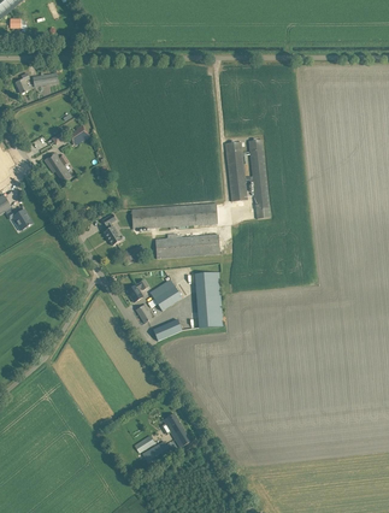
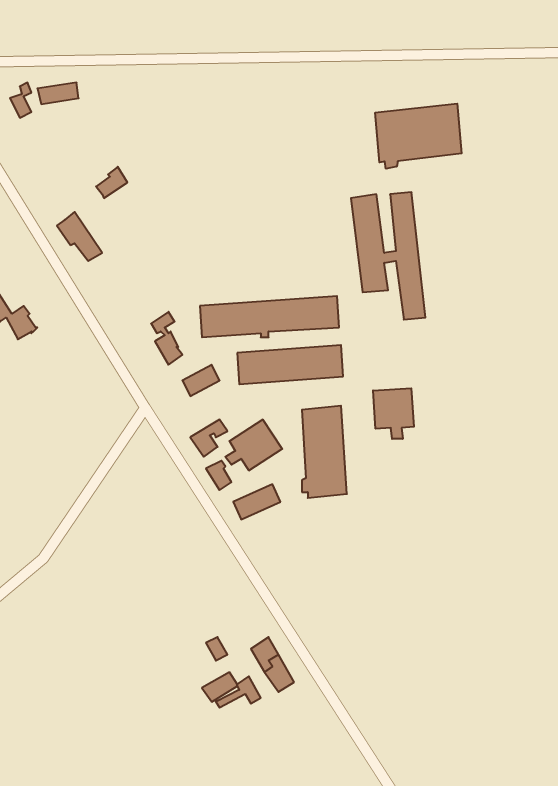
building: none -> [375,104,462,169]
building: none -> [373,388,414,439]

